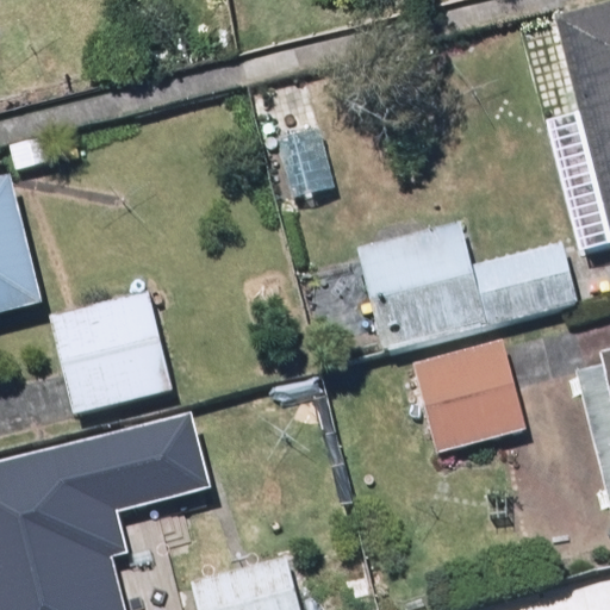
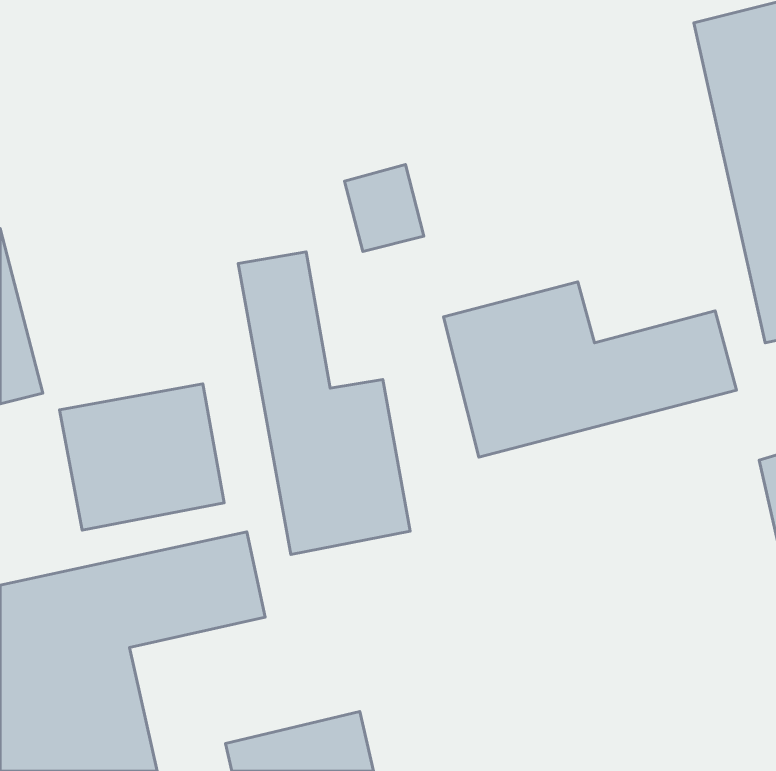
building: none -> [238,252,410,554]
building: [405,336,525,459] -> none

